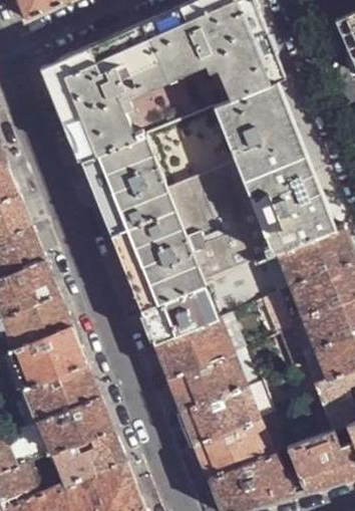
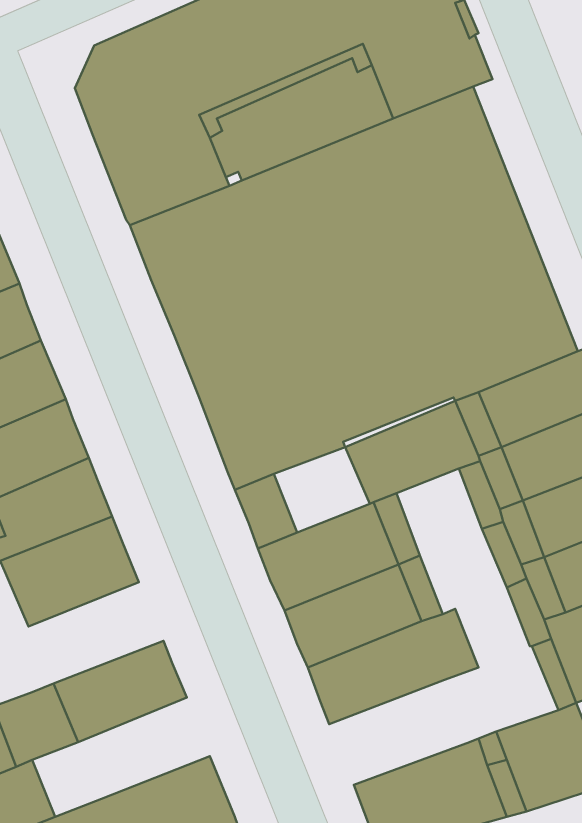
building: [162,287,217,335] -> none
building: [17,363,100,426] -> none
building: [194,419,273,478] -> none
building: [52,429,126,486] -> none

